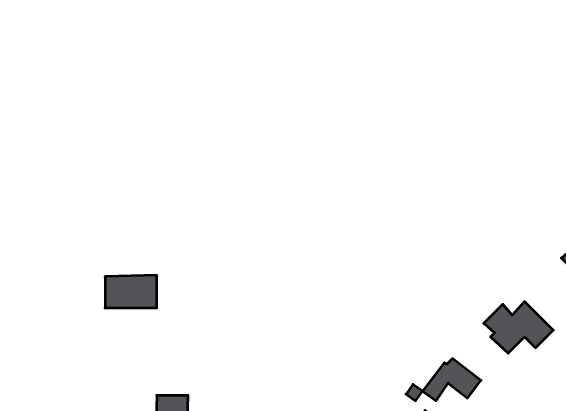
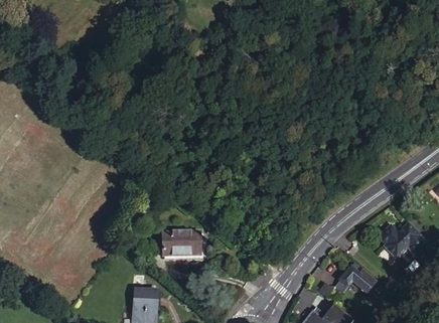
building: [105,275,157,308] -> [162,232,200,257]

